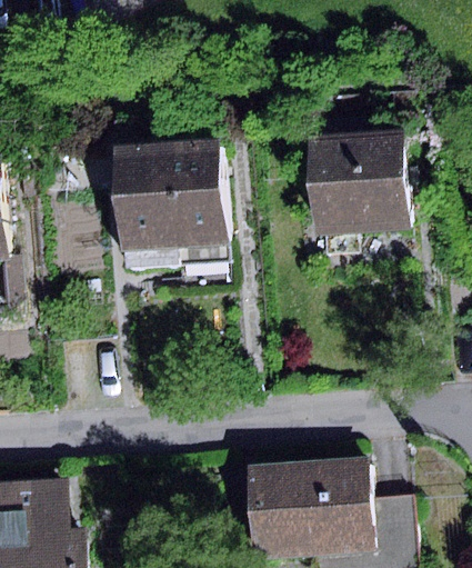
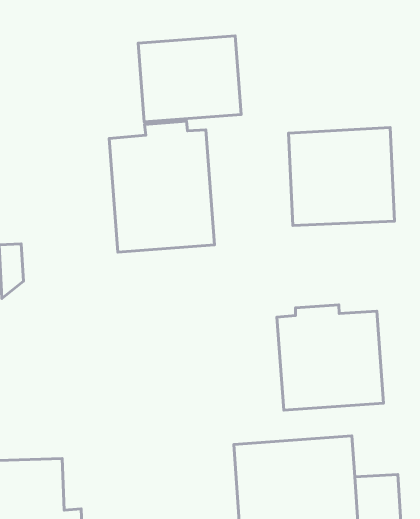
building: none -> [138,36,241,122]
building: none -> [277,305,384,410]

